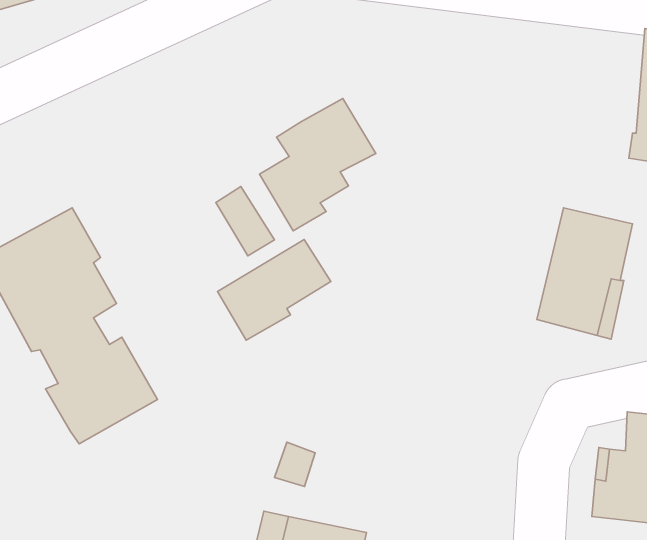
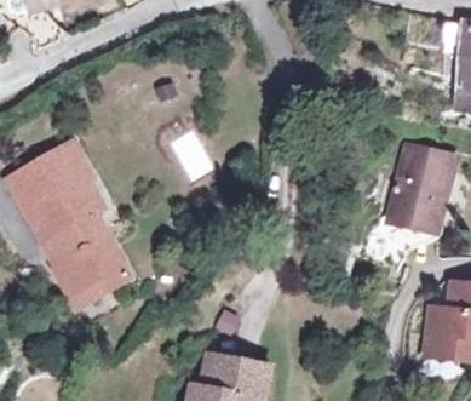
building: [259,99,376,231] -> none
building: [217,240,331,340] -> none

